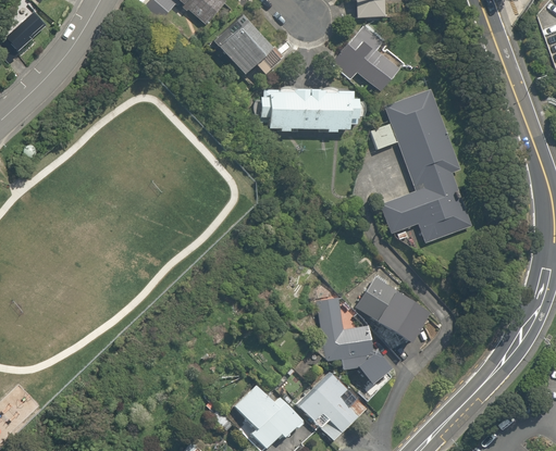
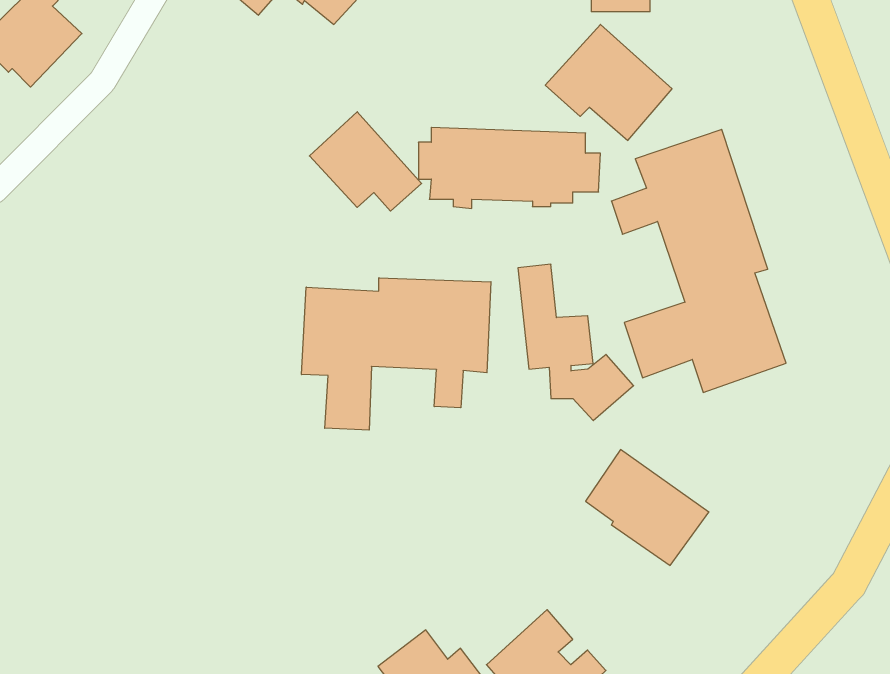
building: [213,17,280,76] -> [309,112,422,211]
building: none -> [302,278,491,430]
building: [320,296,388,388] -> [518,264,634,421]

